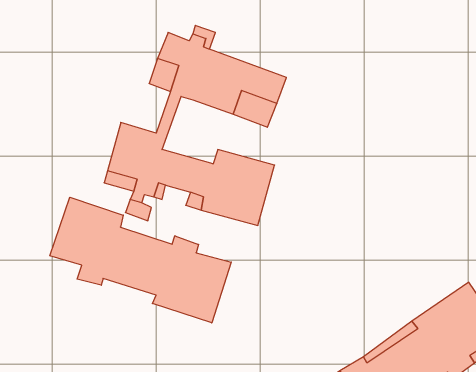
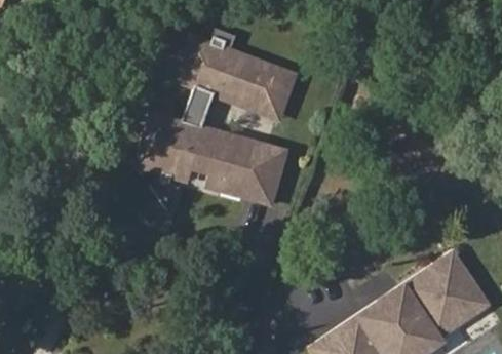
building: none -> [187,91,235,150]
building: [50,197,231,323] -> none

